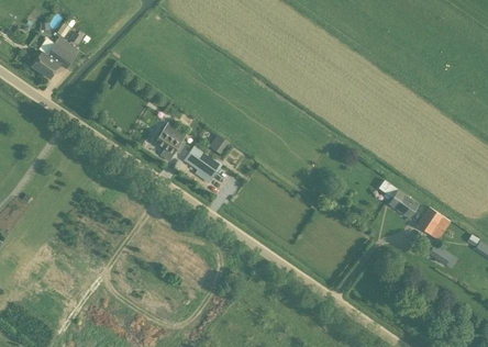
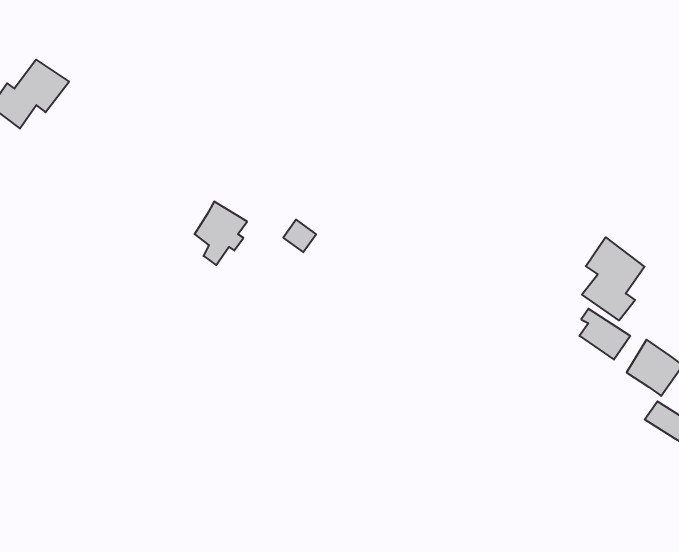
building: none -> [582,237,645,320]
building: [184,146,220,179] -> none

